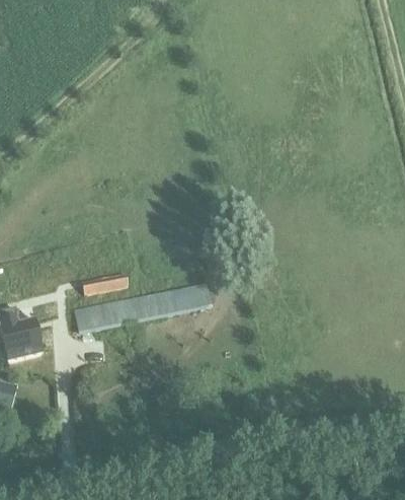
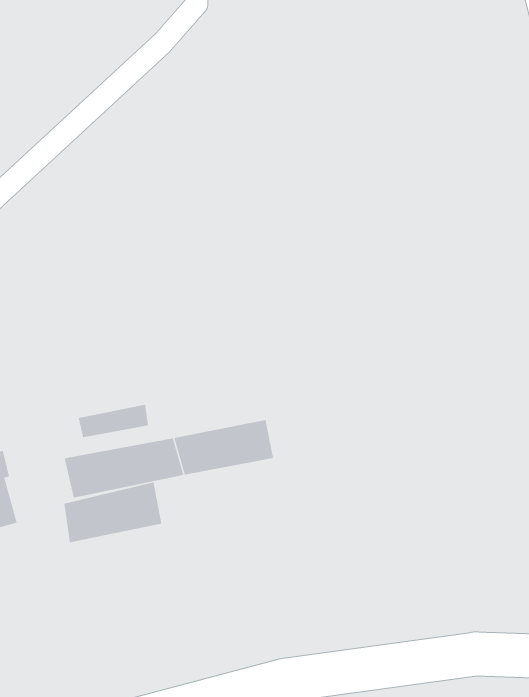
building: none -> [64,481,162,543]

